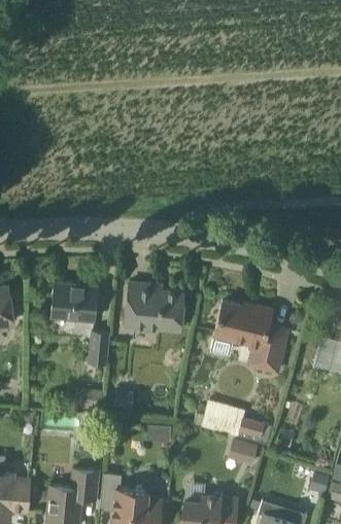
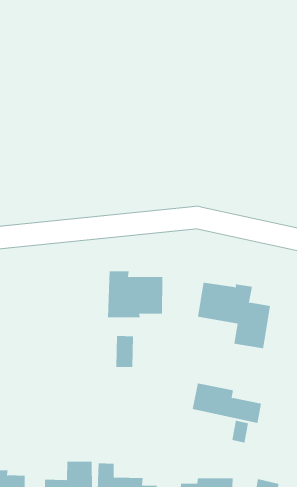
building: [50,281,98,321] -> none
building: [89,330,109,363] -> [116,335,134,367]

